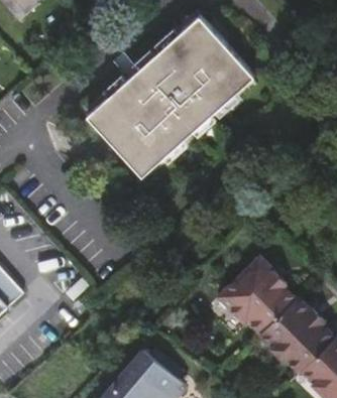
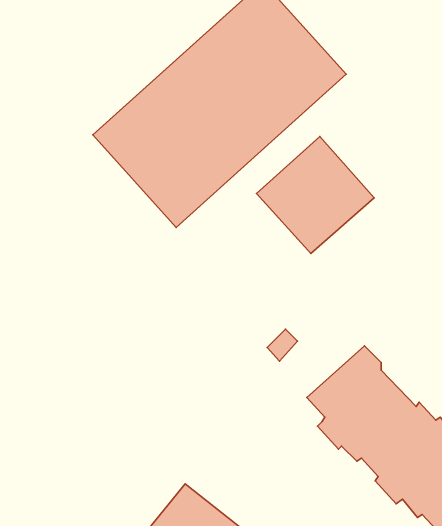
building: none -> [257,136,374,254]

